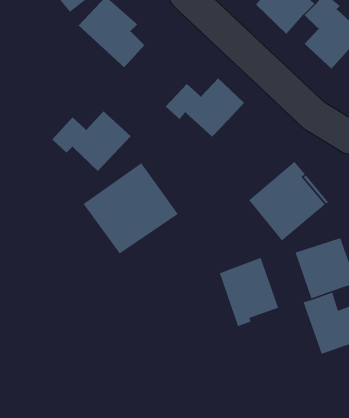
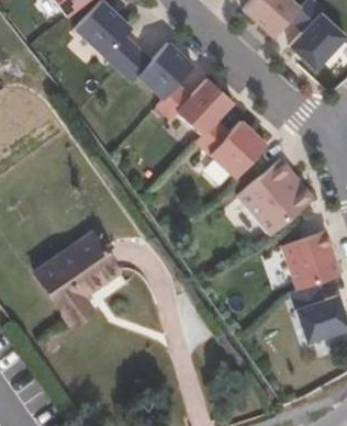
building: [52,111,131,172] -> [119,42,194,100]
building: none -> [197,120,266,178]
building: [83,162,179,255] -> [35,233,126,321]
building: [219,257,279,327] -> none

